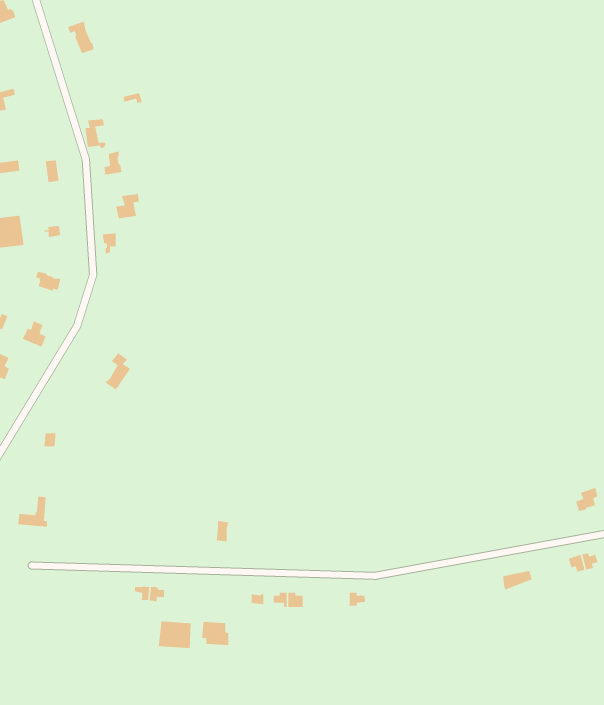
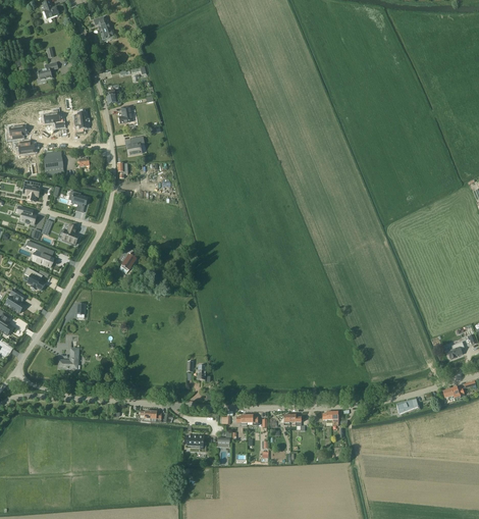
building: [158,621,191,649] -> none

